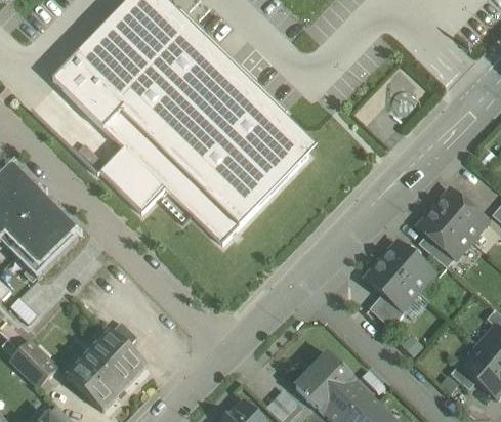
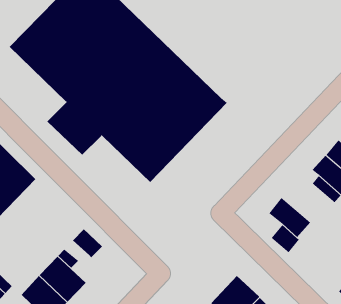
building: [381,240,432,289] -> none
building: none -> [72,229,103,258]

